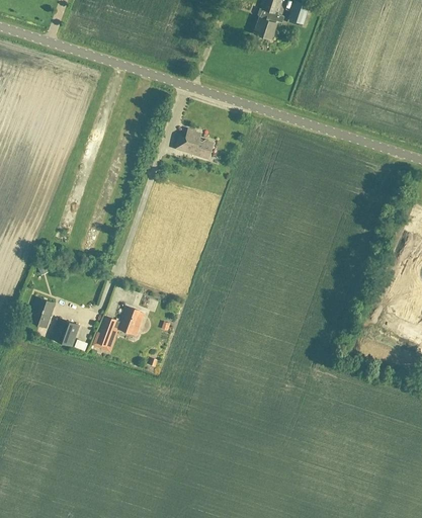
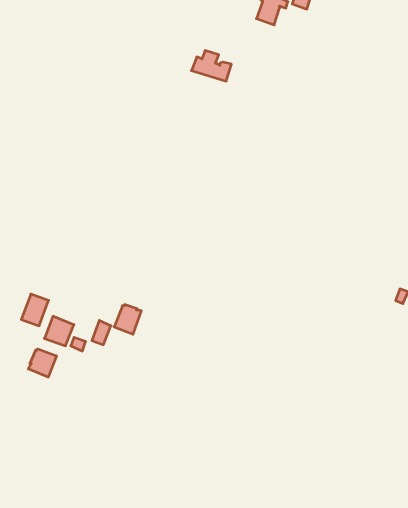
building: [175,128,214,158] -> [191,51,231,81]
building: none -> [28,349,56,377]

